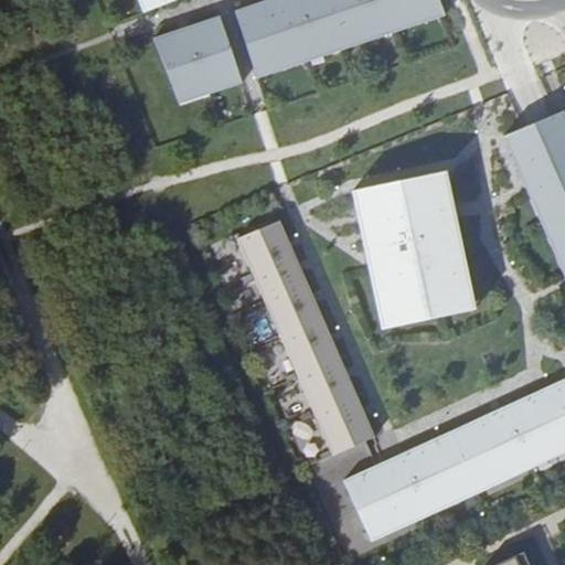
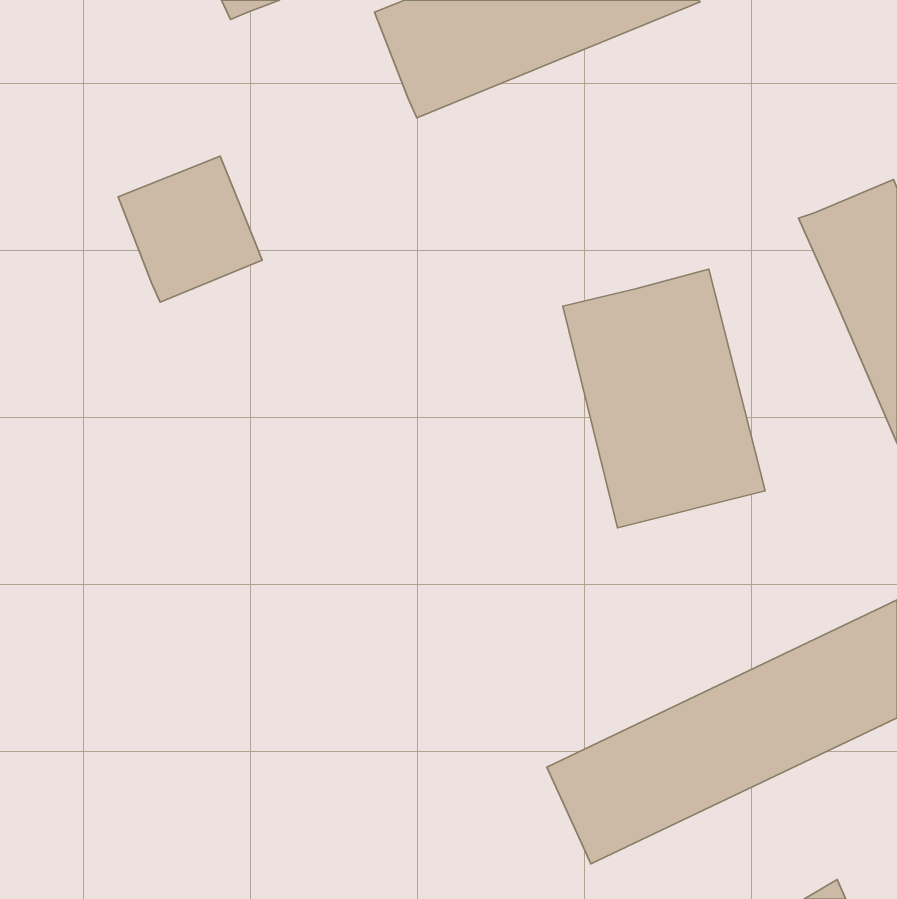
building: [156,14,246,106] -> [118,156,262,302]
building: [238,223,376,457] -> none

